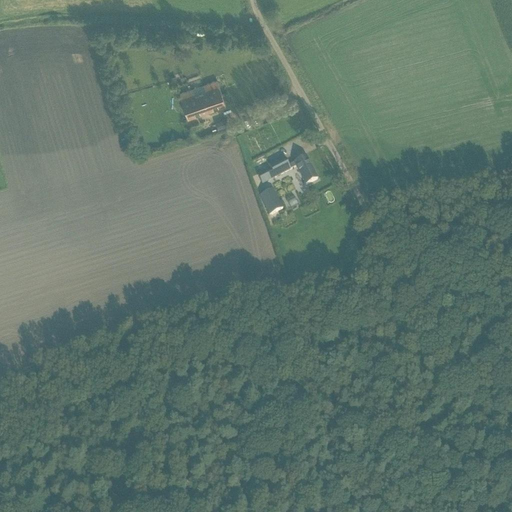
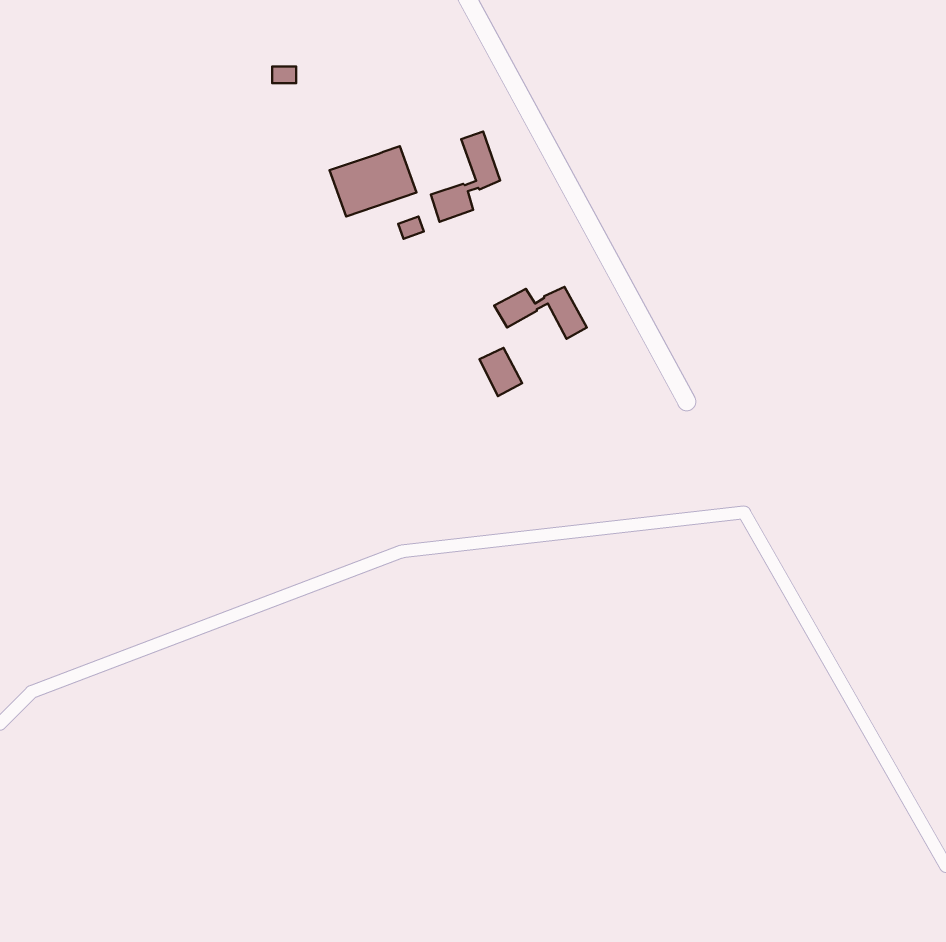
building: none -> [431,131,500,222]

